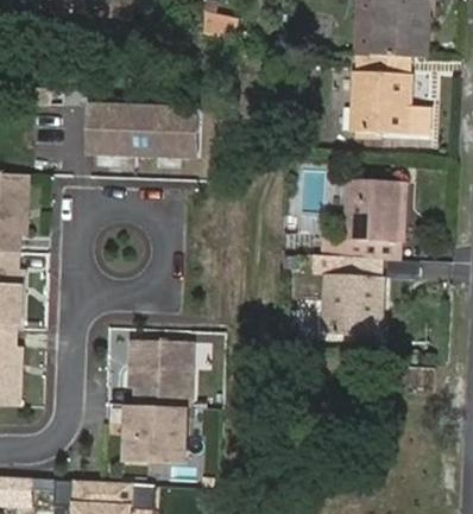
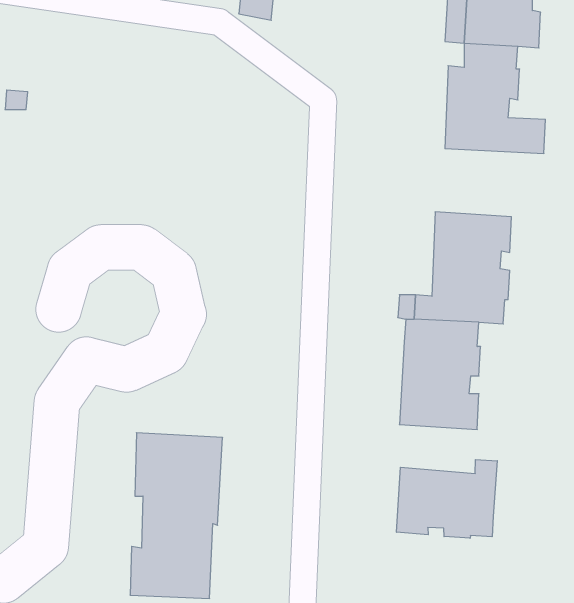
building: [90,104,202,157] -> none
building: none -> [397,460,497,538]

